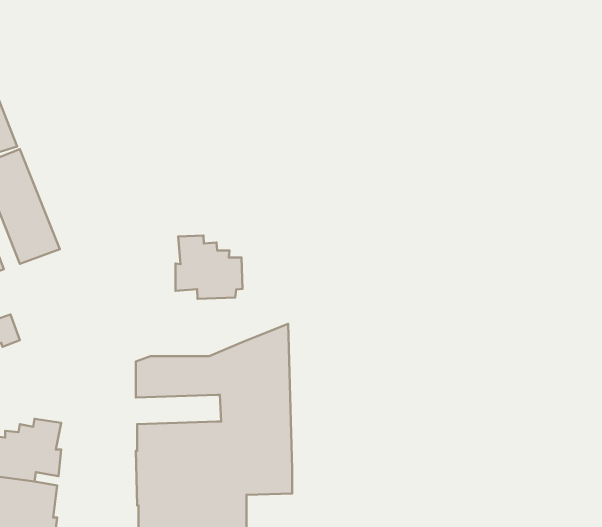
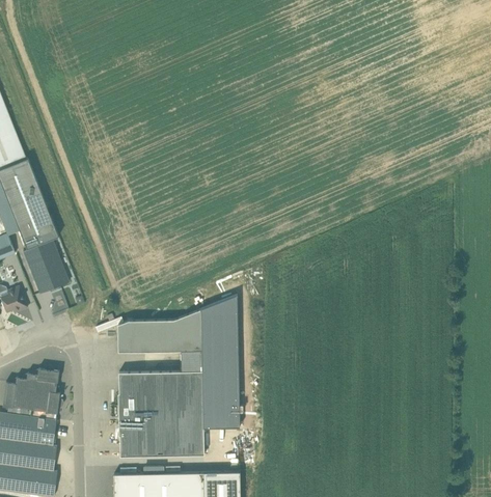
building: [176,235,242,299] -> none
building: none -> [23,241,69,294]

